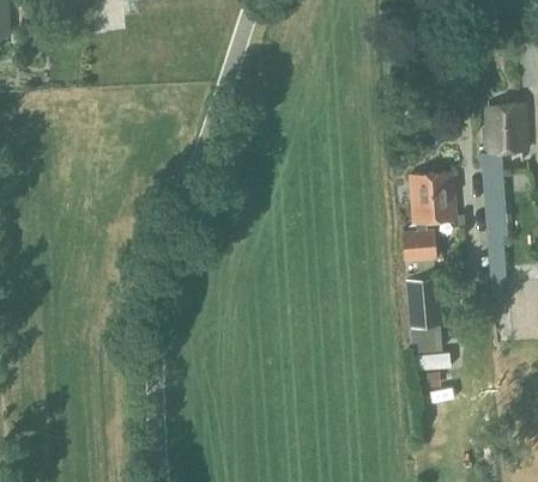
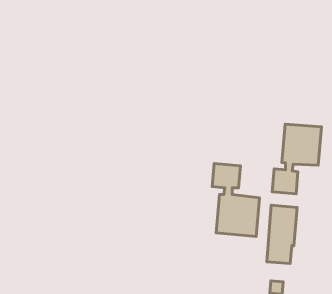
building: none -> [212,163,260,236]

